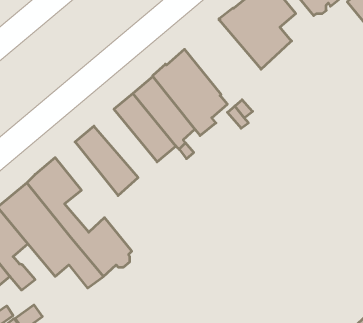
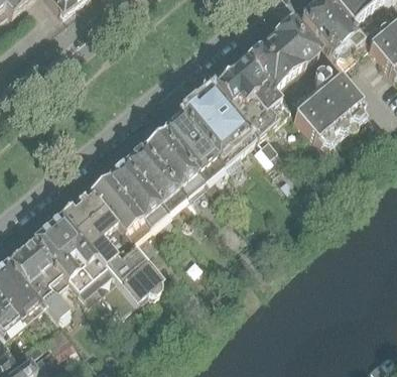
building: none -> [216,55,288,132]
building: none -> [293,67,367,149]
building: none -> [126,141,186,207]
building: none -> [89,172,149,239]

